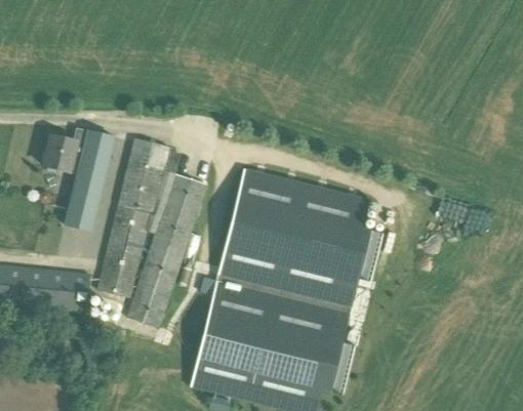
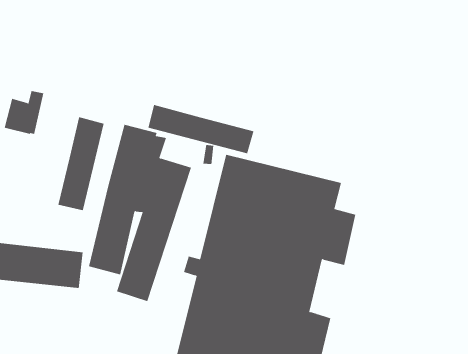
building: none -> [148,104,254,154]
building: [43,126,86,173] -> [4,90,44,135]

